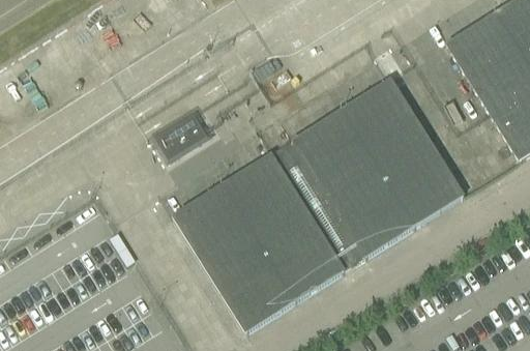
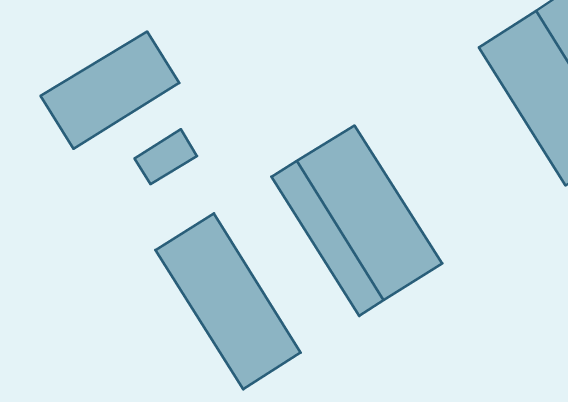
building: none -> [41,32,179,149]
building: [341,77,464,225] -> none
building: [222,151,345,300] -> none

